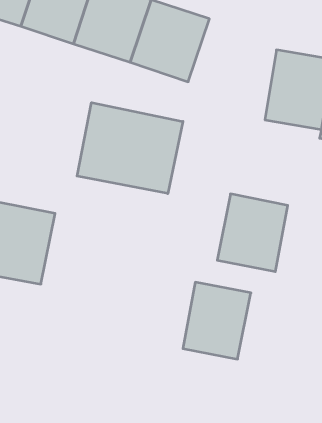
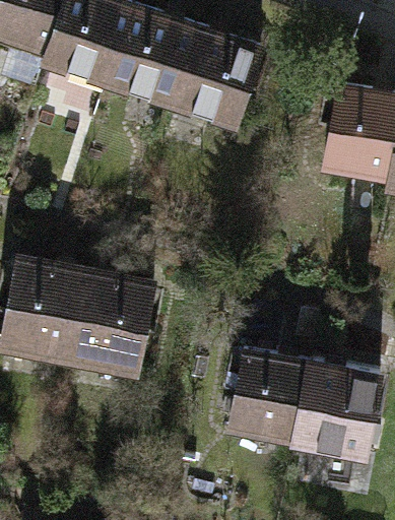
building: [77,103,183,194] -> none
building: [217,194,288,272] -> [294,366,376,455]
building: none -> [68,274,152,369]

